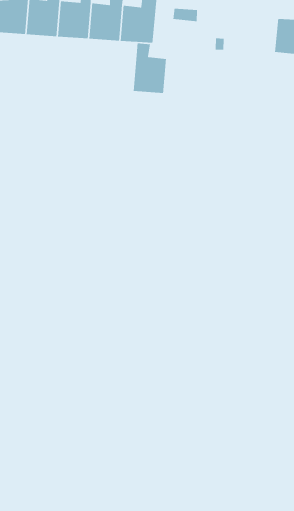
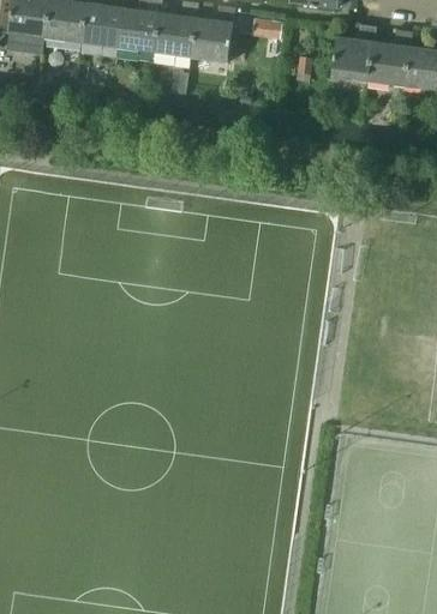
building: none -> [330,26,375,83]
building: [133,43,167,94] -> none

